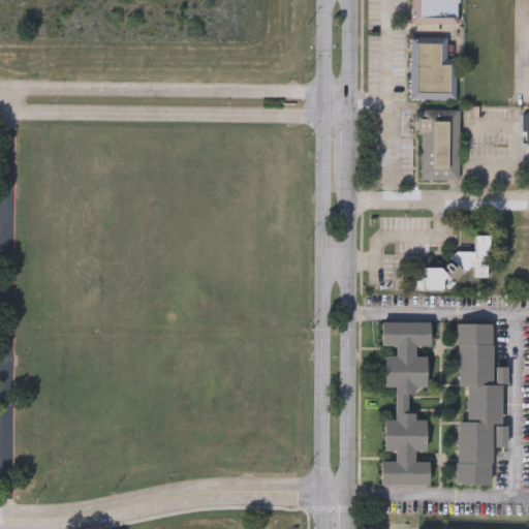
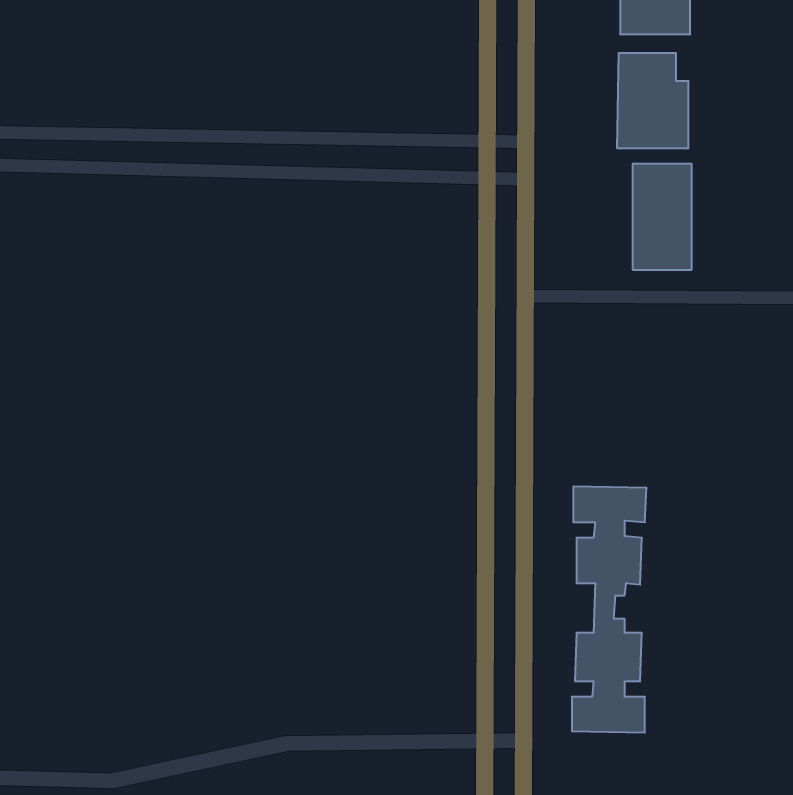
building: [417,234,490,287] -> none
building: [457,323,502,485] -> none

